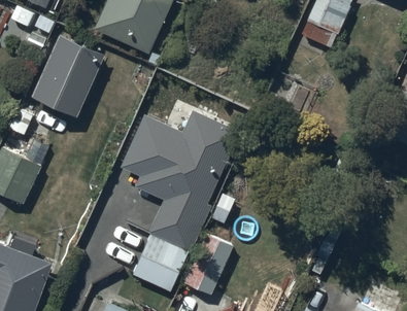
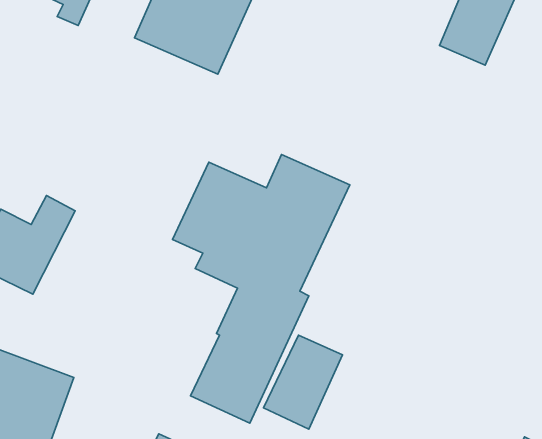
building: [32,34,105,116] -> none

